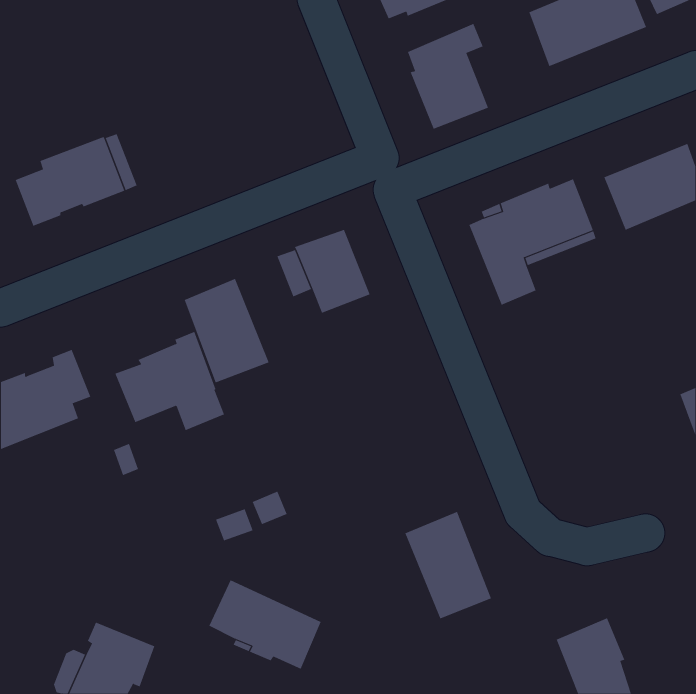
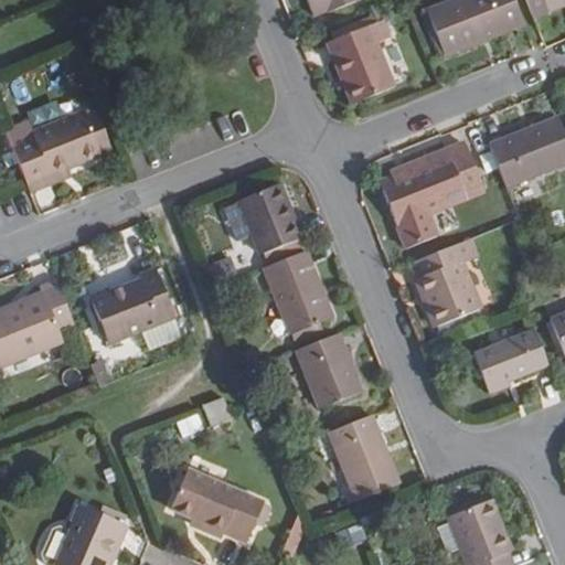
building: [184,278,270,383] -> [264,250,333,335]
building: none -> [417,244,481,324]
building: none -> [475,329,548,392]
building: none -> [296,332,362,408]

